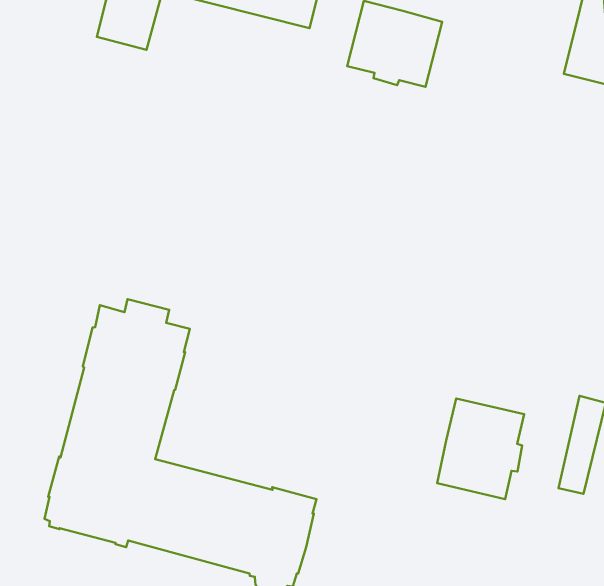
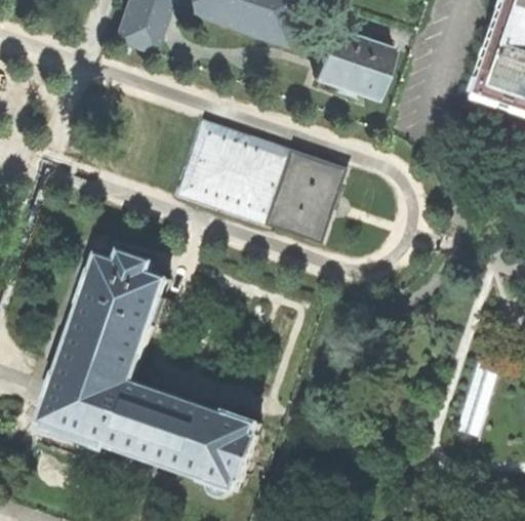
building: none -> [177,122,341,239]
building: [437,398,524,499] -> none

